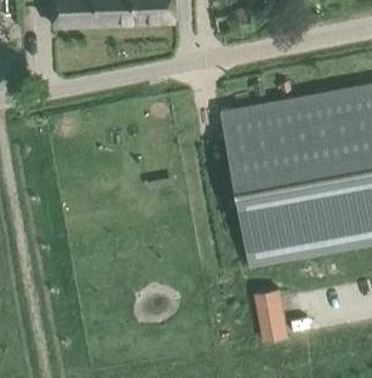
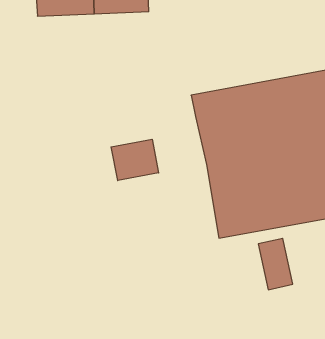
building: none -> [111,139,159,181]
building: [247,285,285,340] -> [258,238,293,290]

